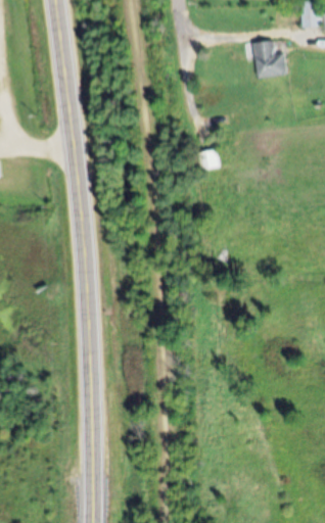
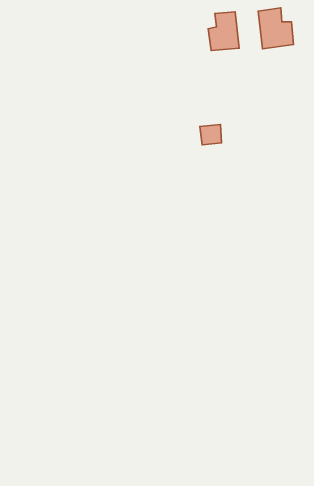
building: none -> [208,12,239,51]

